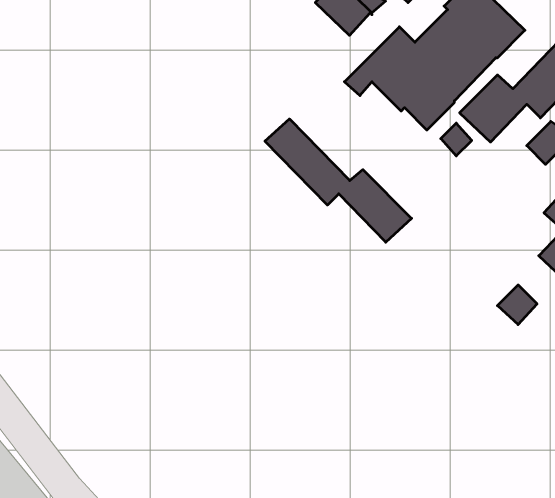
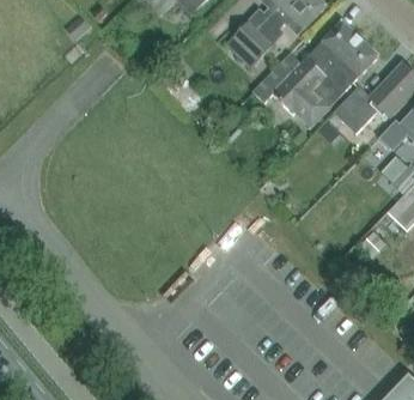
building: [265,119,412,242] -> none

